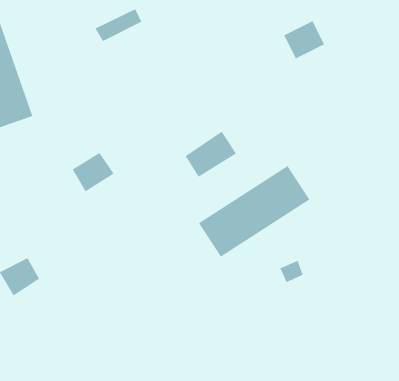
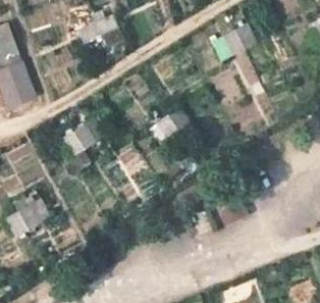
building: [198,165,310,257] -> none

